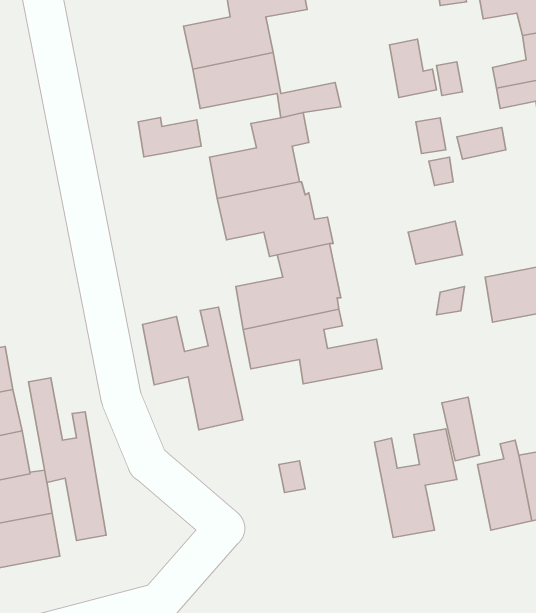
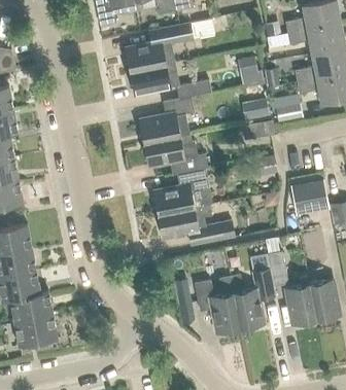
building: [138,118,201,157] -> none
building: [143,307,243,430] -> none
building: [28,378,106,541] -> none
building: none -> [194,277,240,333]

